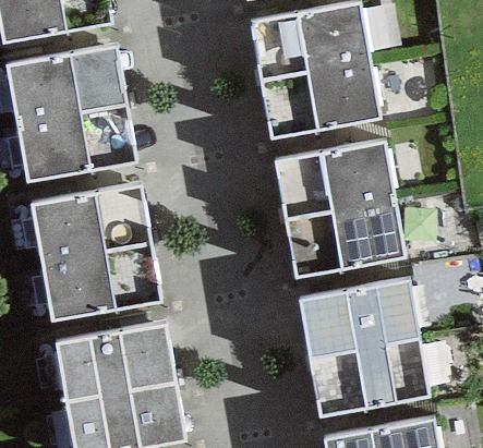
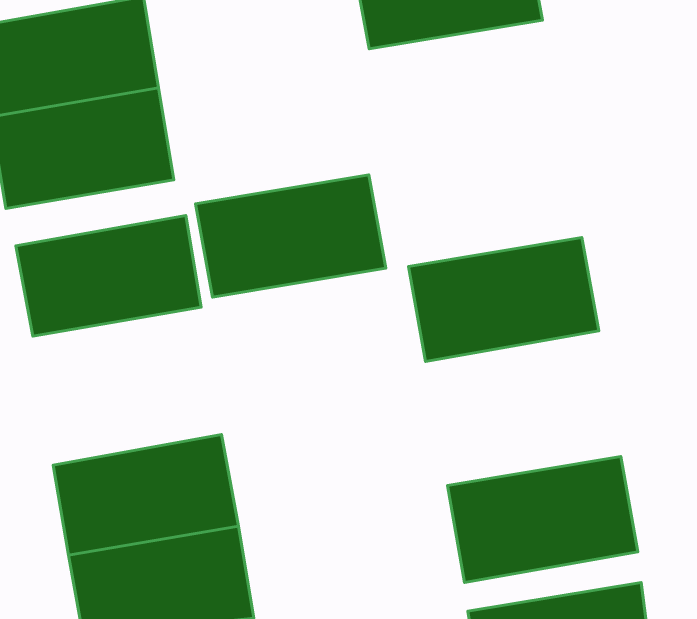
building: [258,59,381,138] -> none
building: [273,138,395,217] -> [196,175,386,297]
building: [43,243,160,320] -> none
building: [299,280,420,358] -> none

